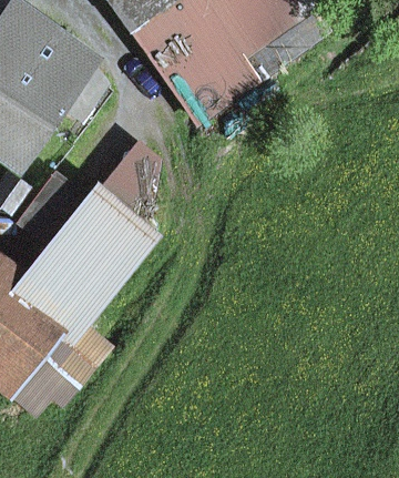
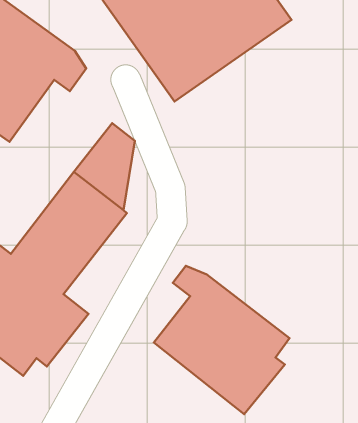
building: none -> [154,266,289,414]

